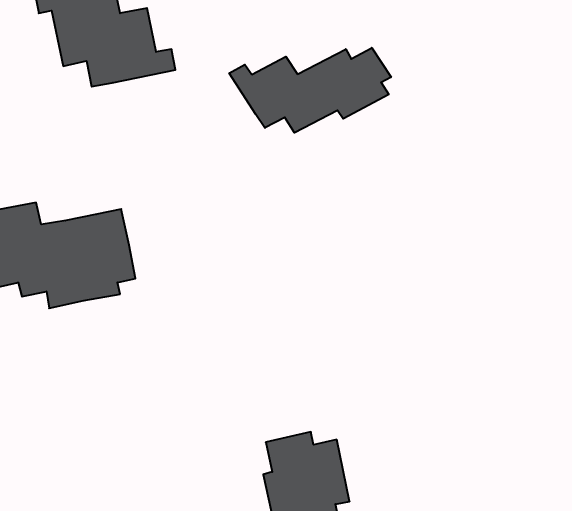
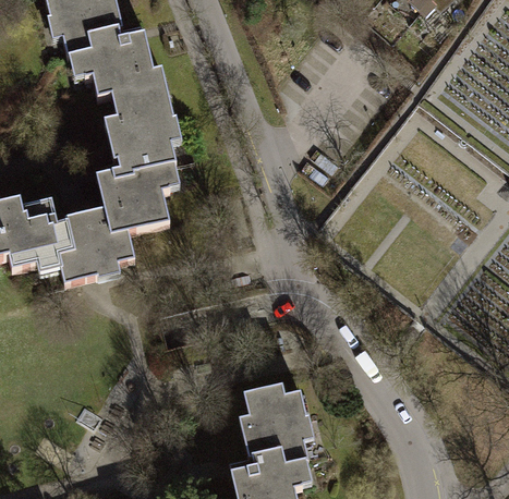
building: [229,48,391,133] -> none
building: none -> [95,82,180,230]

